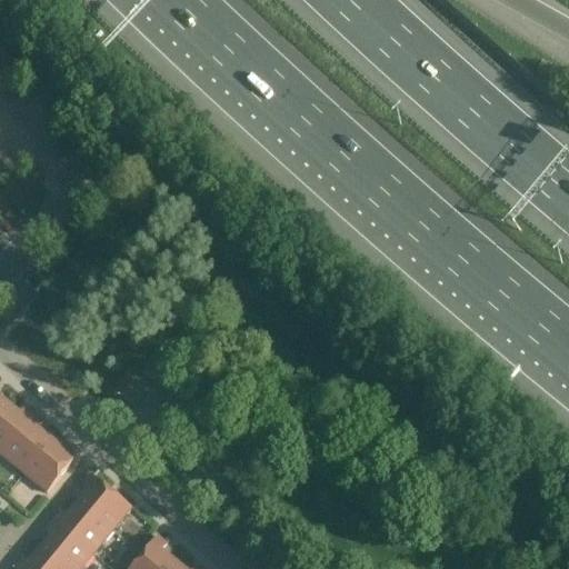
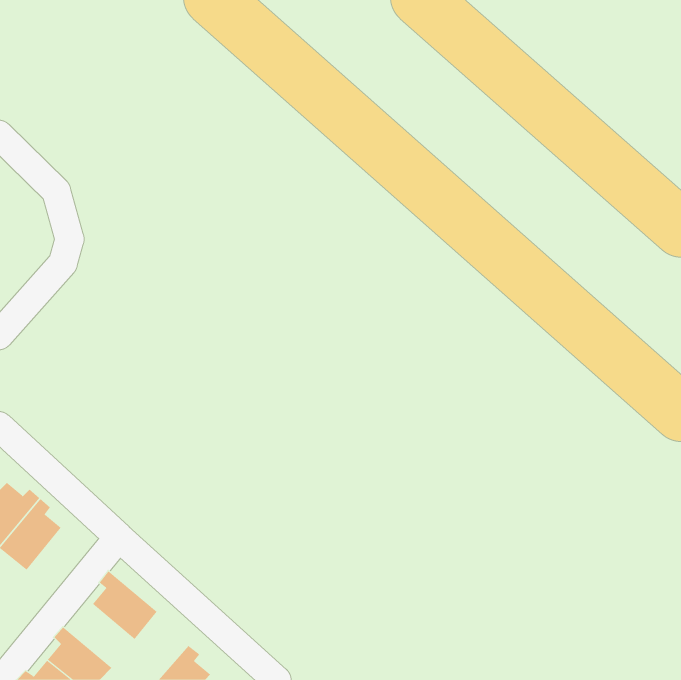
building: [22,439,80,495] -> none
building: [52,502,112,556] -> none

